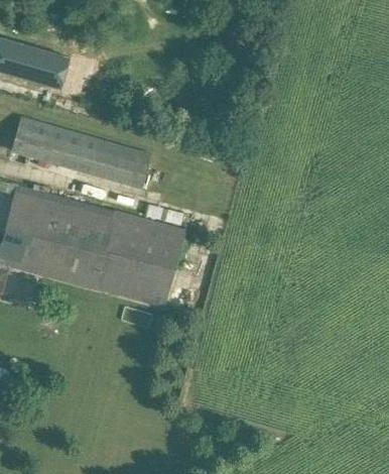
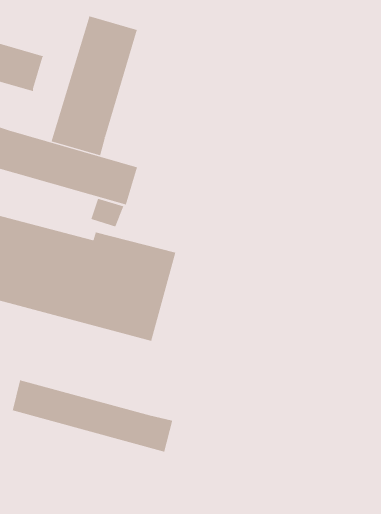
building: none -> [51,16,138,156]
building: none -> [12,380,173,453]

